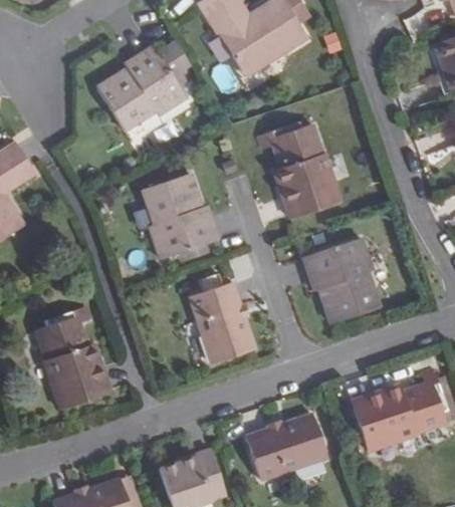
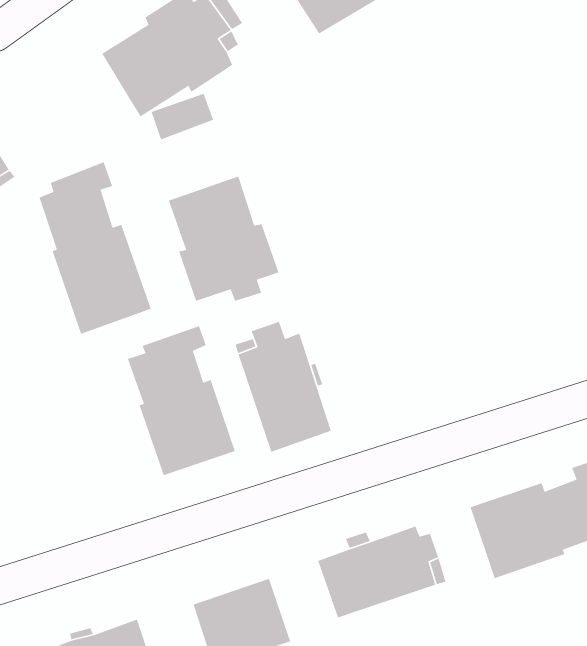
building: [259,121,342,219] -> none
building: none -> [39,161,152,335]
building: [303,237,380,324] -> none
building: [35,306,110,411] -> [127,325,236,476]

